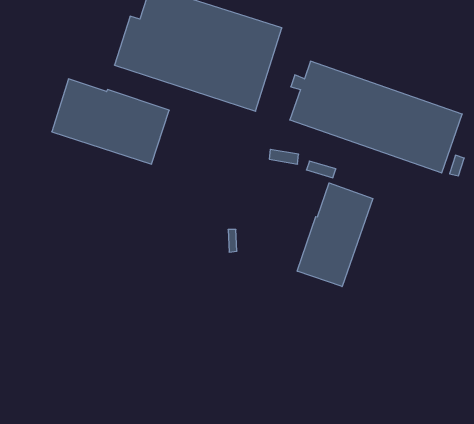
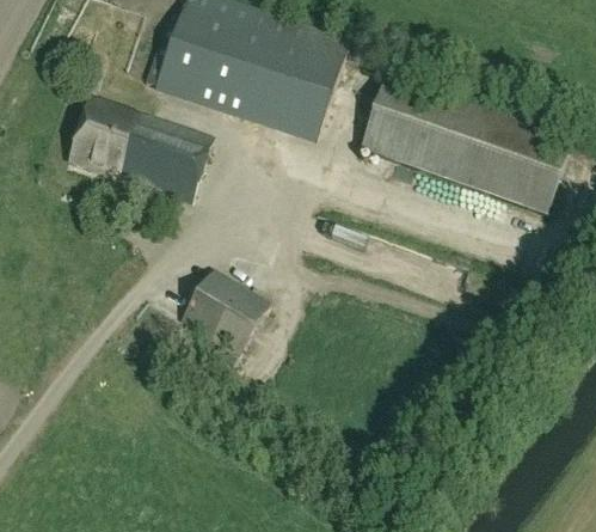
building: [297,183,373,287] -> none
building: none -> [180,270,268,355]

